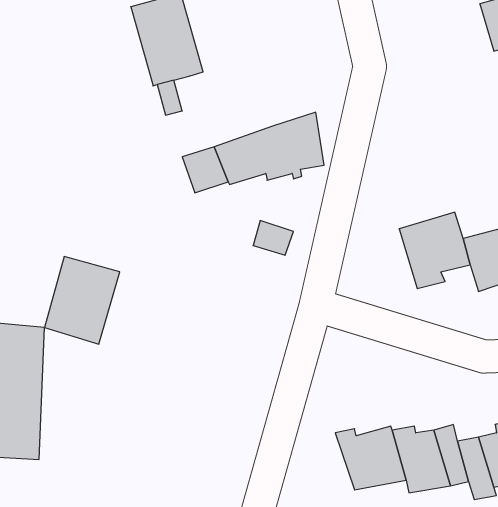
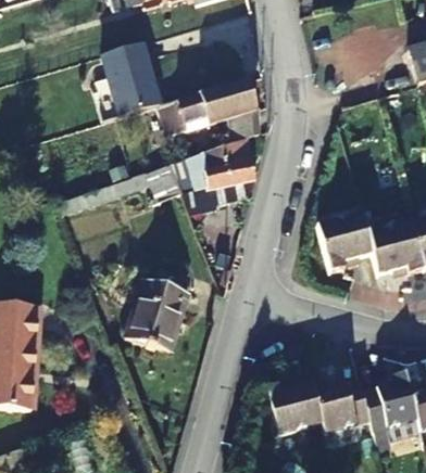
building: none -> [151,78,262,146]
building: [45,257,120,344] -> [130,281,189,349]

